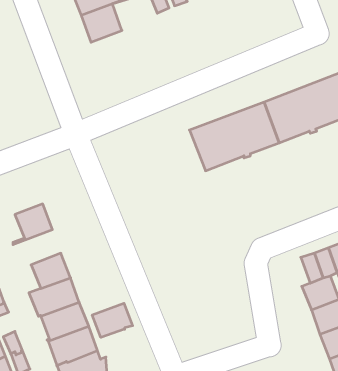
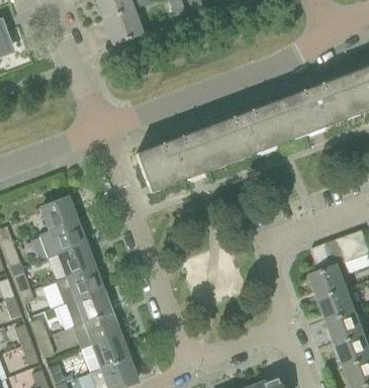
building: none -> [136,127,221,192]
building: none -> [39,221,85,257]
building: [92,303,133,337] -> none

